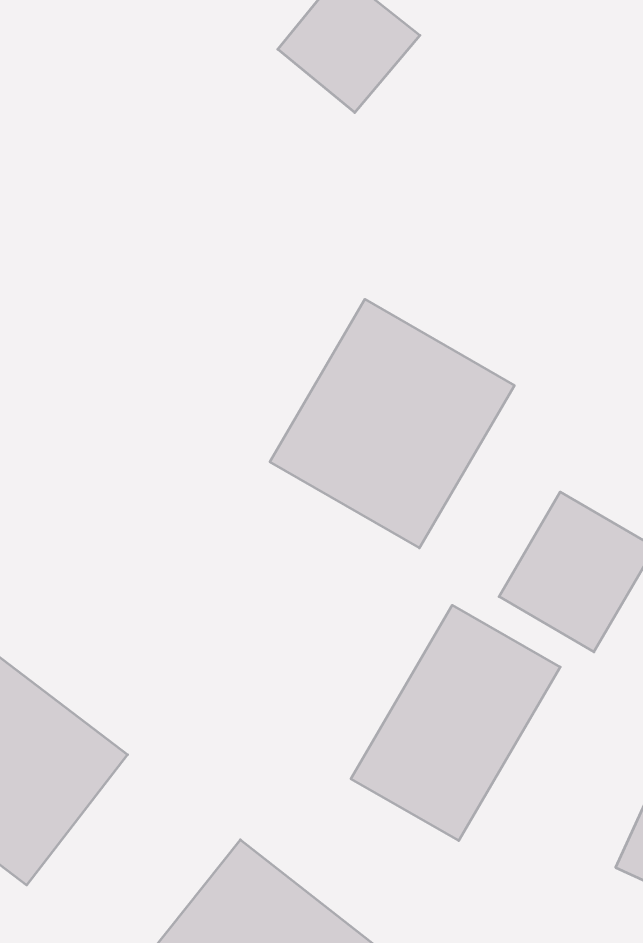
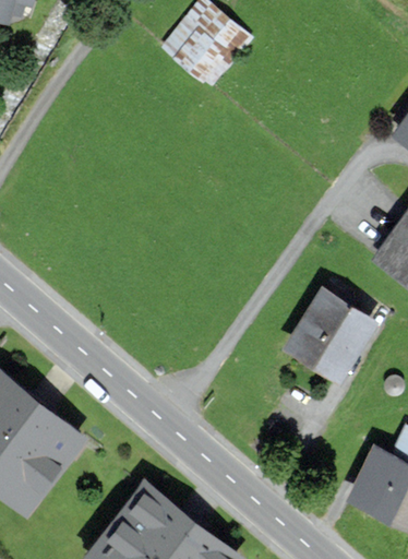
building: [270,299,514,548] -> none
building: [351,605,560,841] -> none

